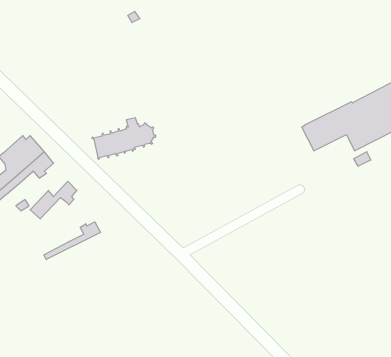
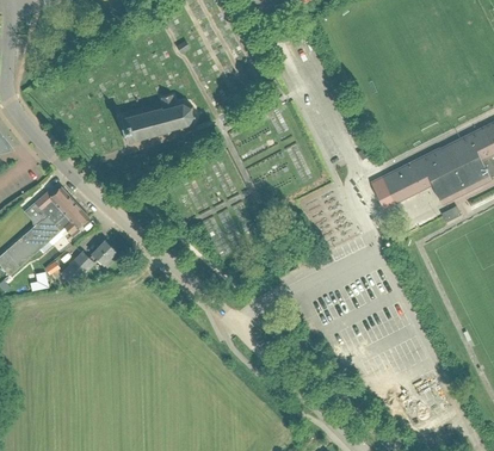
building: [92,118,156,159] -> [119,95,194,144]
building: [44,222,101,260] -> none

